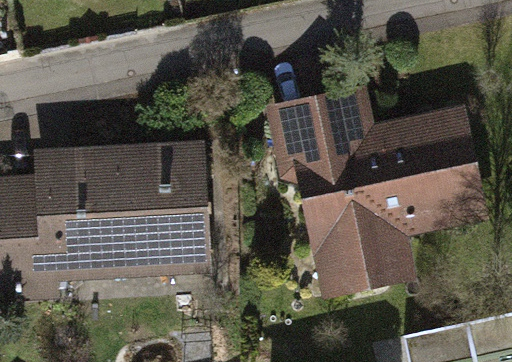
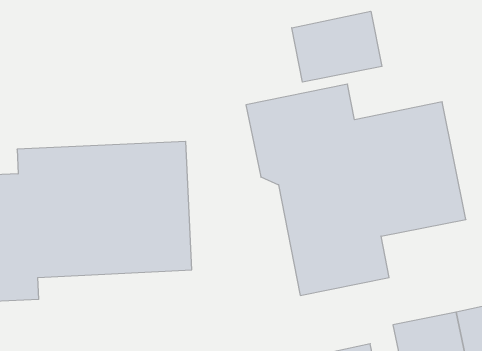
building: none -> [292,11,382,82]

